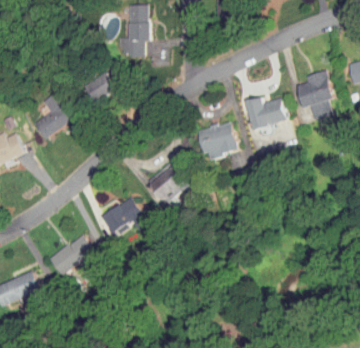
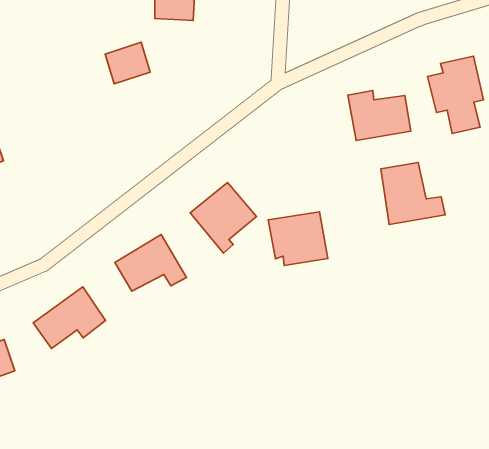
building: [33,91,75,139] -> none
building: [197,122,237,158] -> [268,212,328,265]
building: none -> [381,163,445,224]

